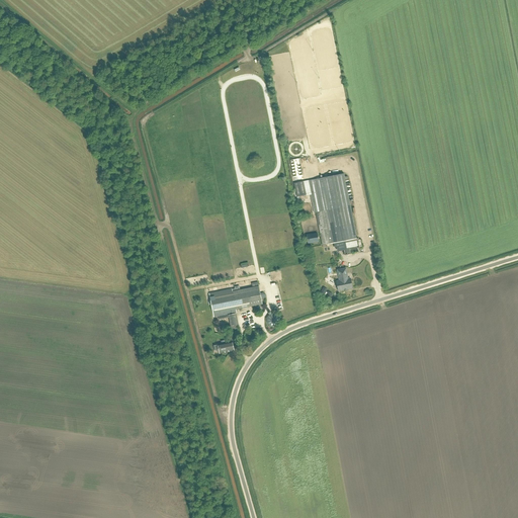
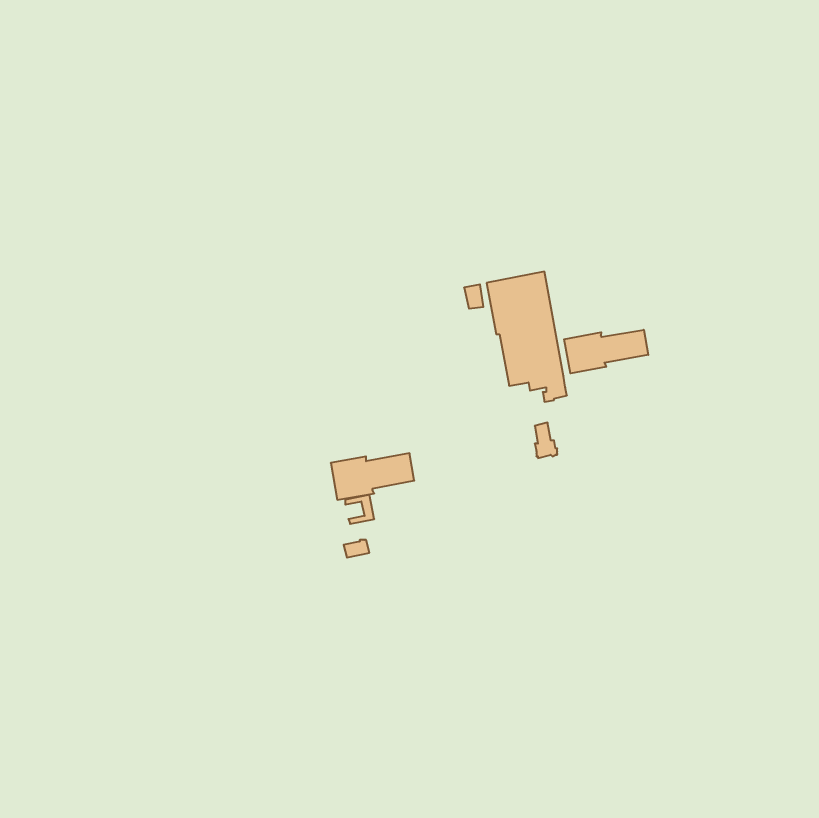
building: none -> [564,330,648,373]

